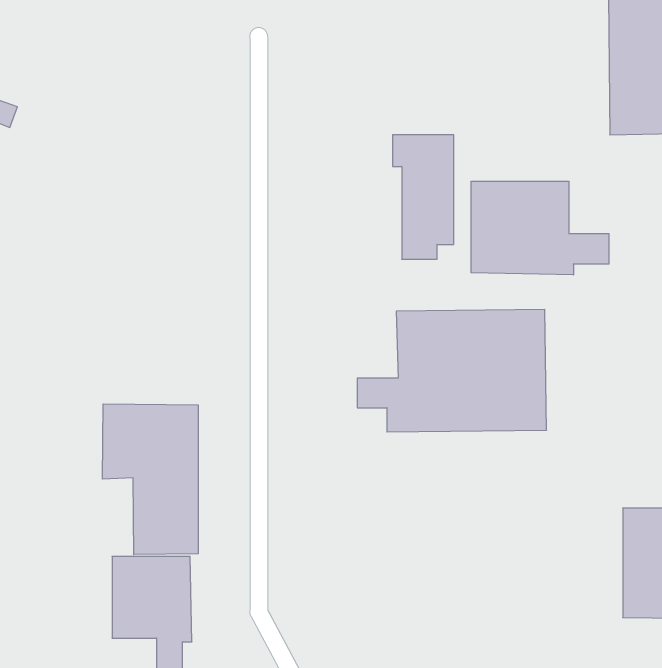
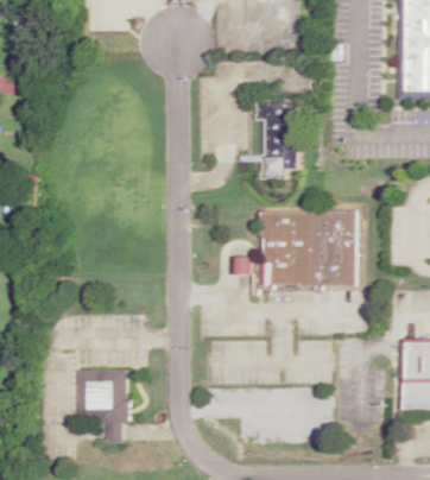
building: [471,181,609,275] -> none
building: [102,404,198,555] -> none

